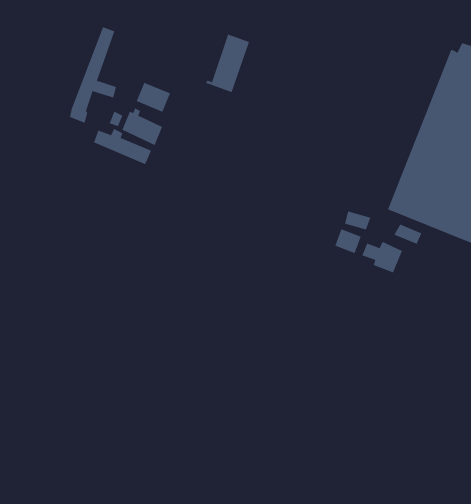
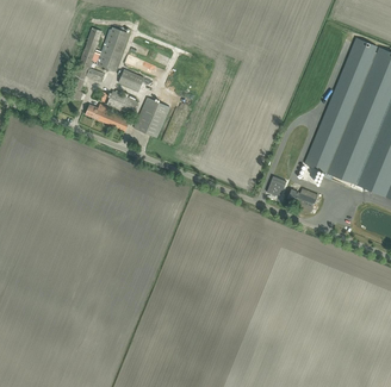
building: [205,34,250,93] -> [95,27,129,71]
building: none -> [134,98,170,138]

